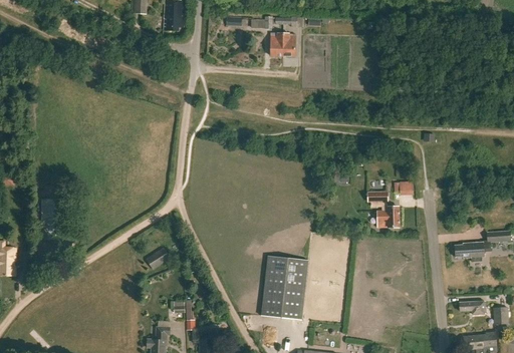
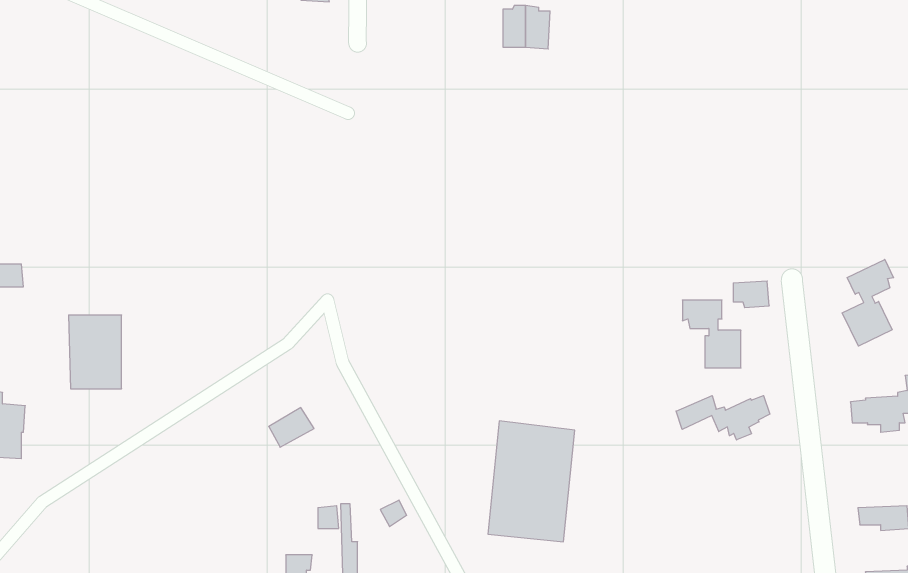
building: none -> [842,259,894,346]
building: none -> [676,396,770,440]

